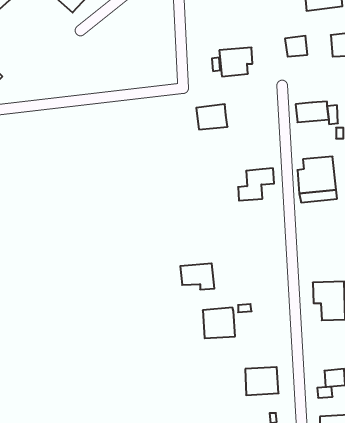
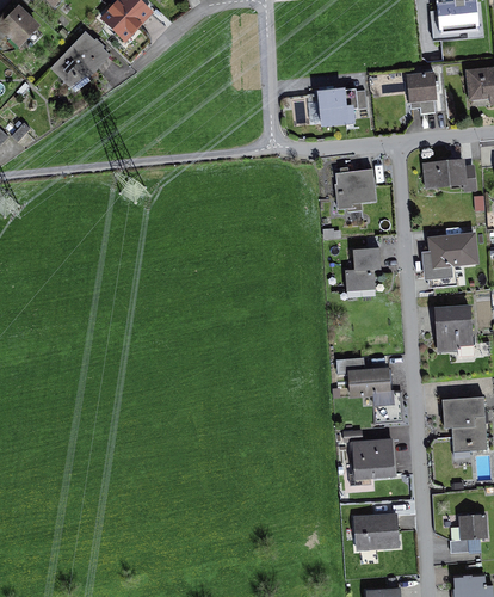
building: none -> [51,31,111,84]
building: [196,104,228,129] -> [335,170,377,203]
building: none -> [434,306,474,350]
building: [180,263,214,289] -> [347,368,393,402]
building: [203,308,235,338] -> [348,437,391,478]

